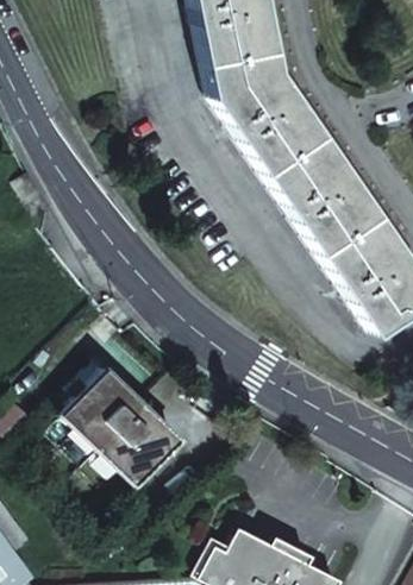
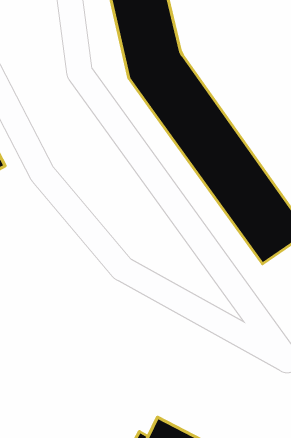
building: [60,365,177,482] -> none

